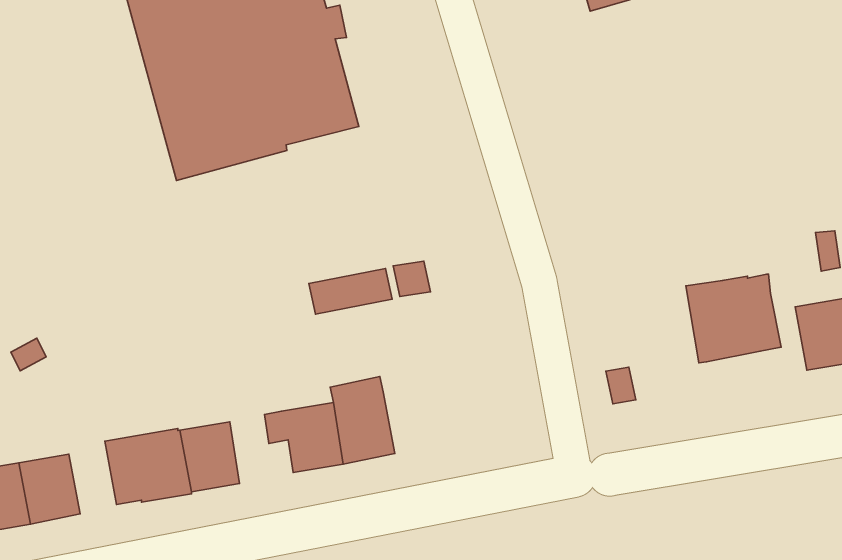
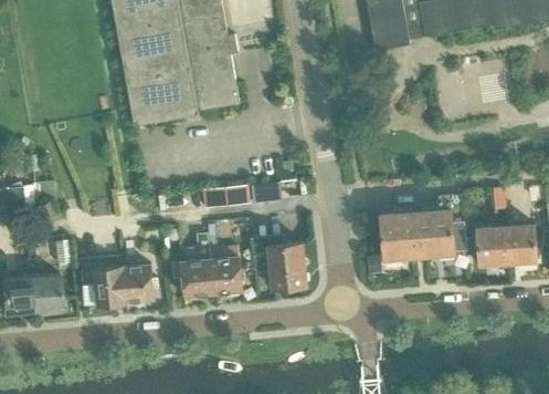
building: none -> [381,211,420,259]
building: none -> [253,242,308,289]

